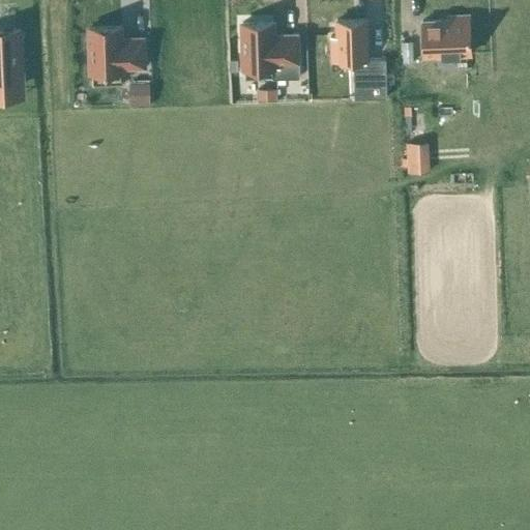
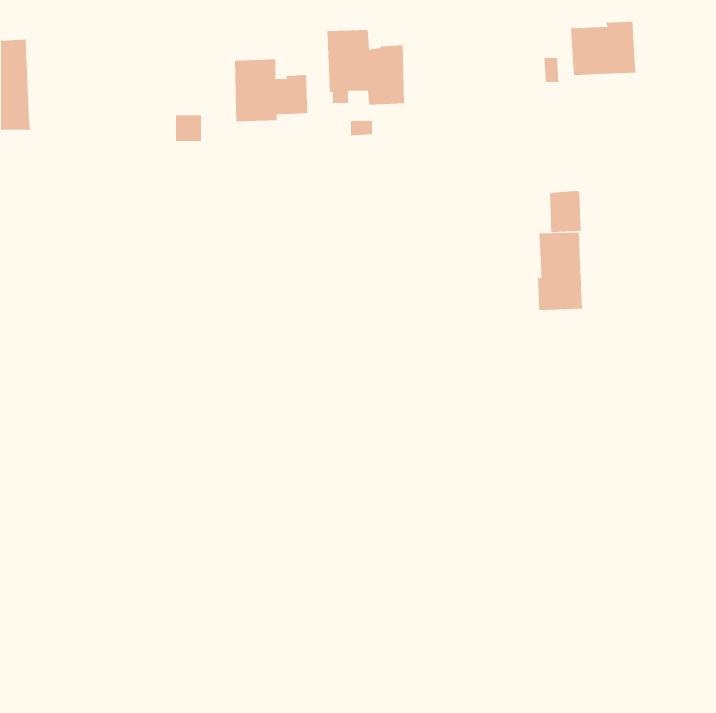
building: [336,21,386,99] -> none
building: [89,28,144,75] -> [234,59,308,122]
building: none -> [537,232,583,311]

